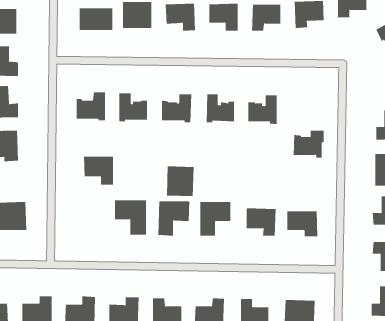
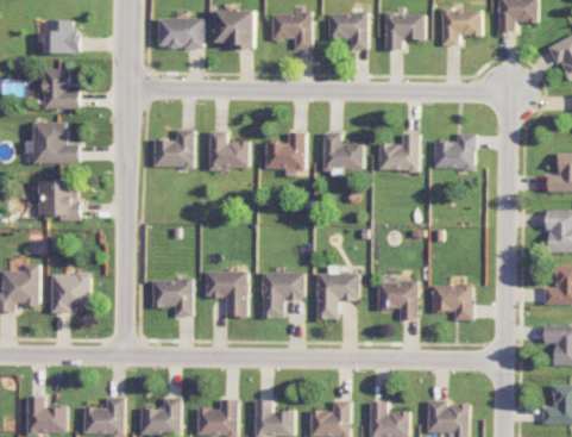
building: [293,130,324,158] -> [434,133,476,170]
building: [83,156,114,185] -> [151,280,191,318]
building: [166,166,194,197] -> none

